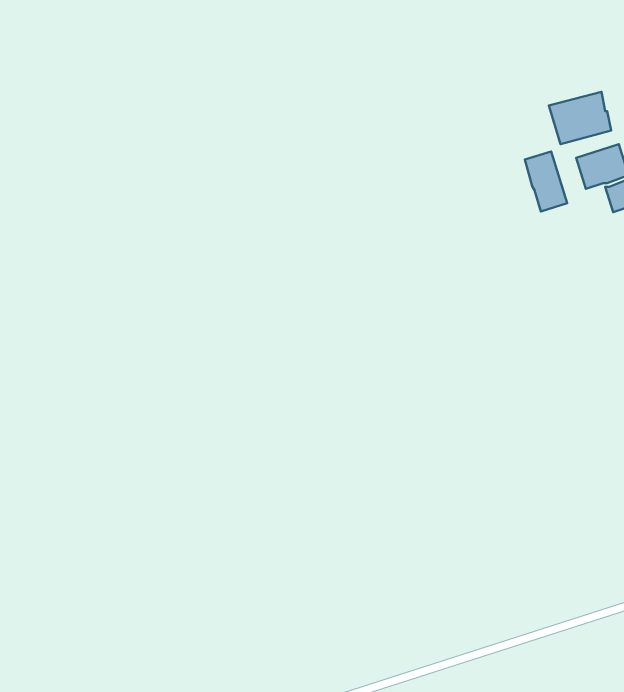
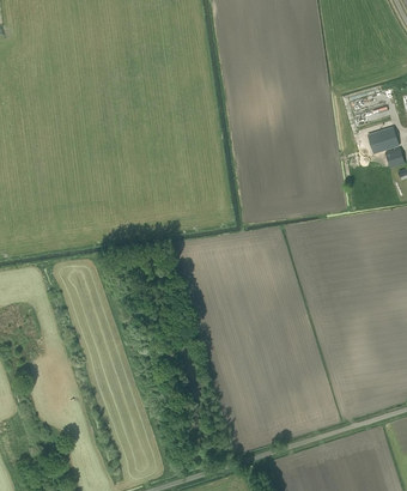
building: [525,151,567,211] -> none

